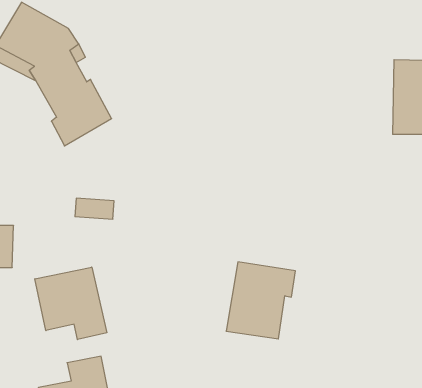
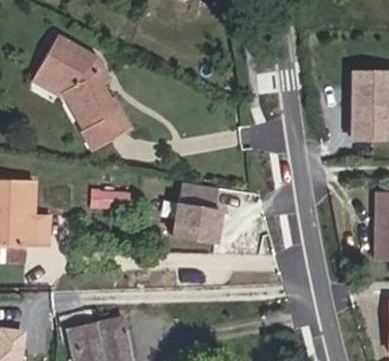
building: [226,262,295,339] -> [163,180,218,241]
building: [35,267,107,340] -> none

